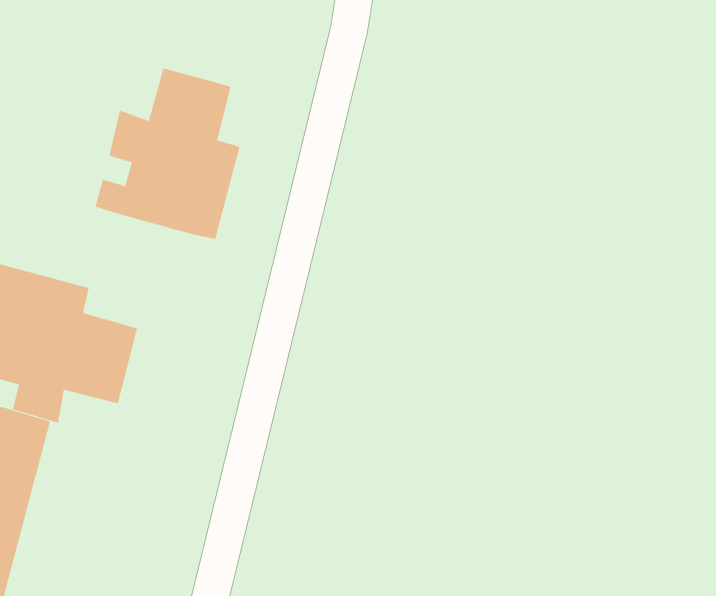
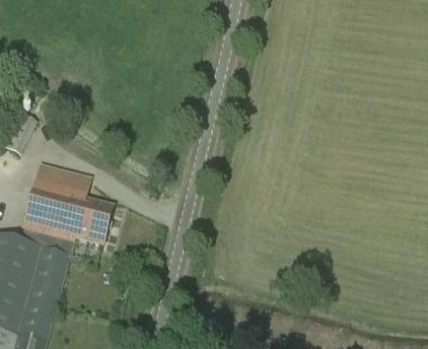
building: [95,67,240,240] -> none

